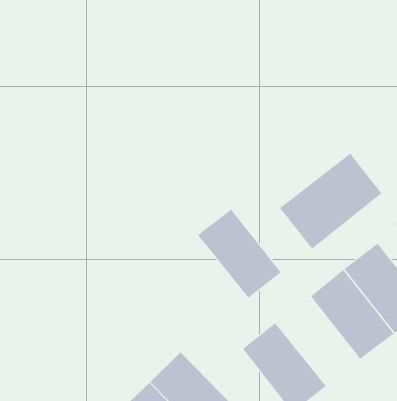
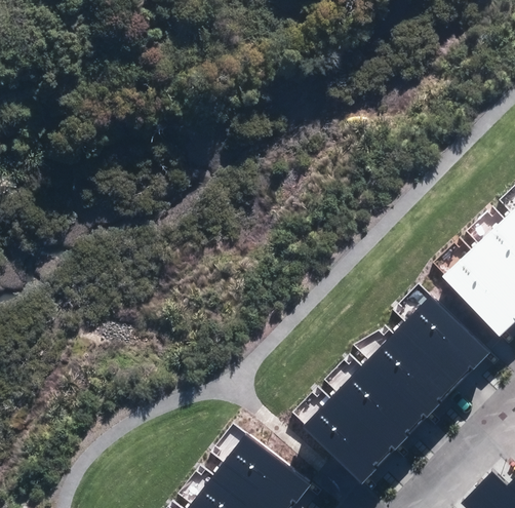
building: [279,153,382,250] -> none
building: [197,209,281,298] -> [335,360,426,450]

